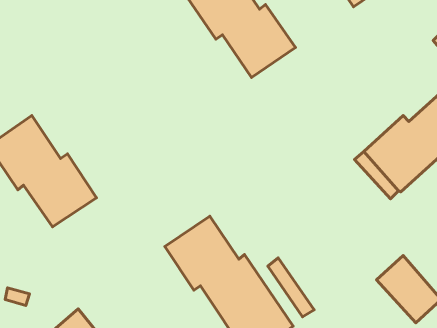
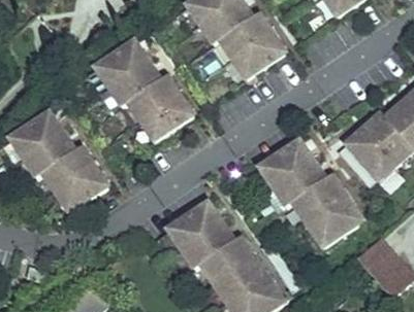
building: none -> [95,41,193,141]
building: none -> [259,139,362,246]

